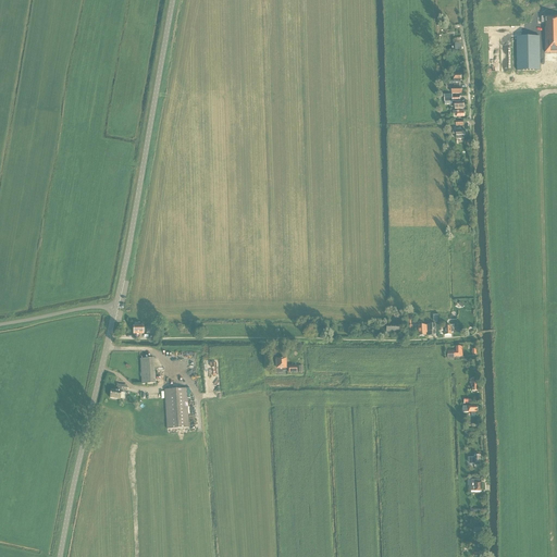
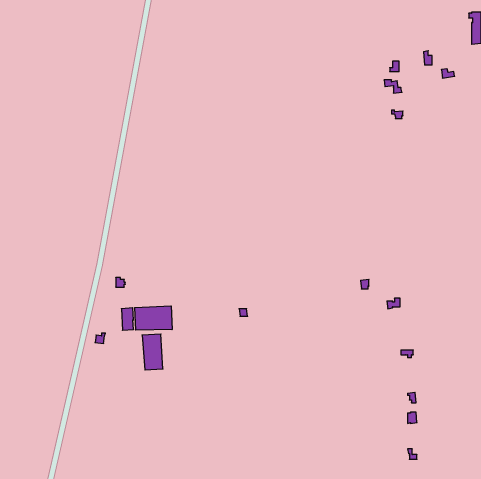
building: [517,35,541,69] -> none
building: none -> [135,306,172,330]

